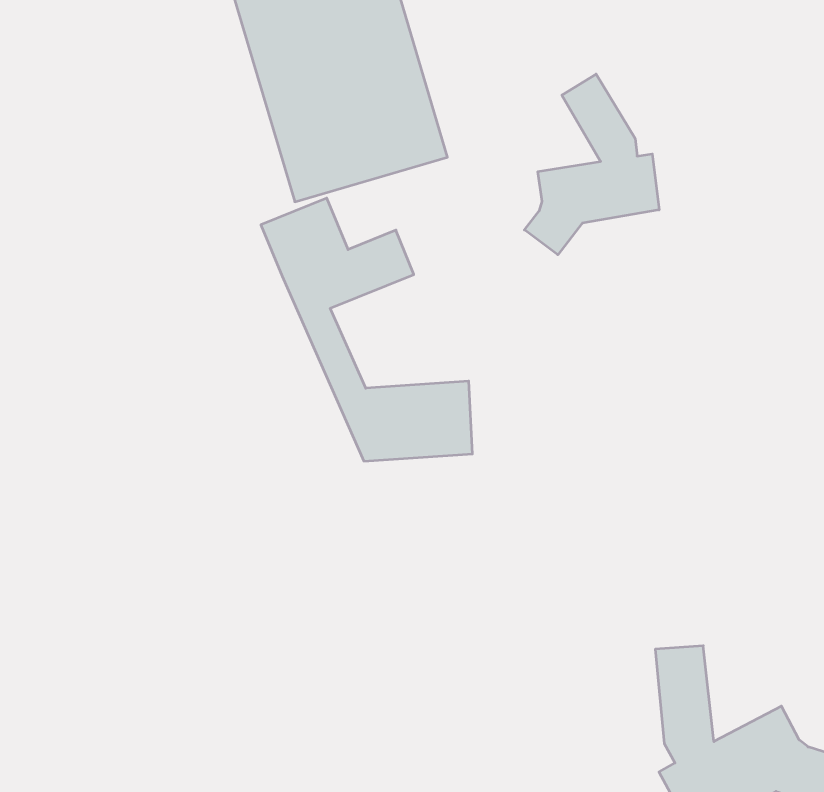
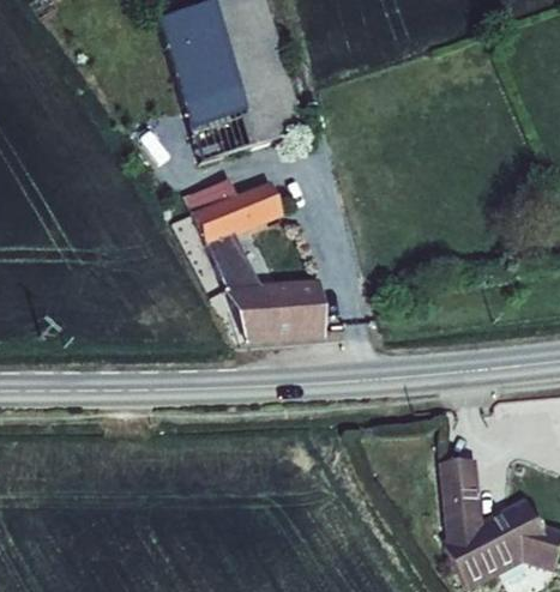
building: [524,74,659,255] -> none

